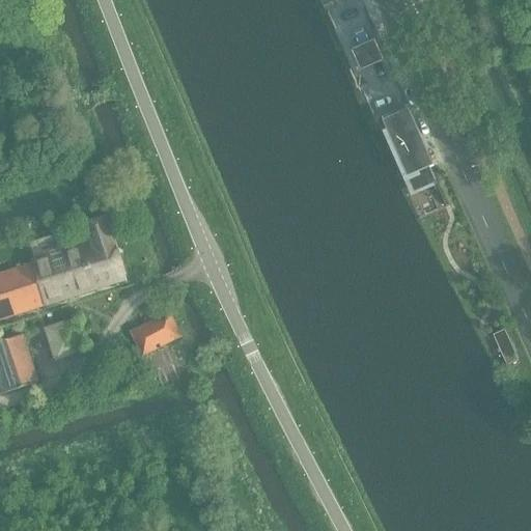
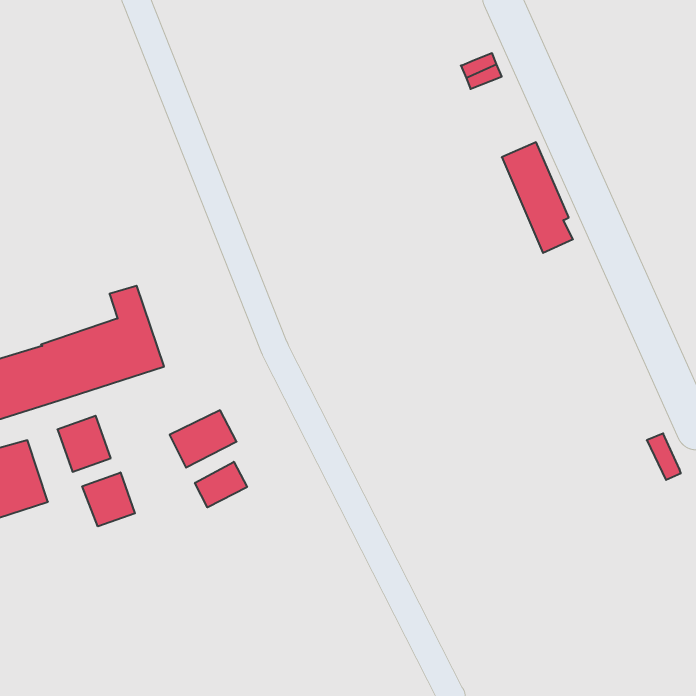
building: none -> [195,462,247,507]
building: none -> [82,472,135,526]

